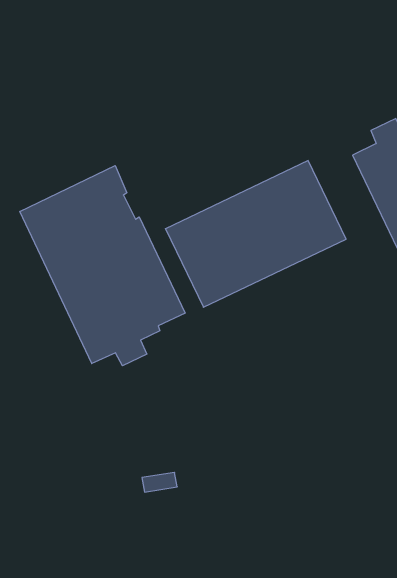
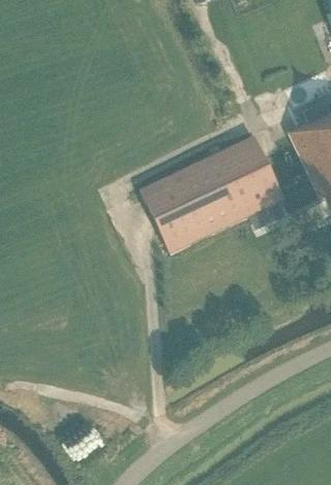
building: [20,166,185,366] -> none

